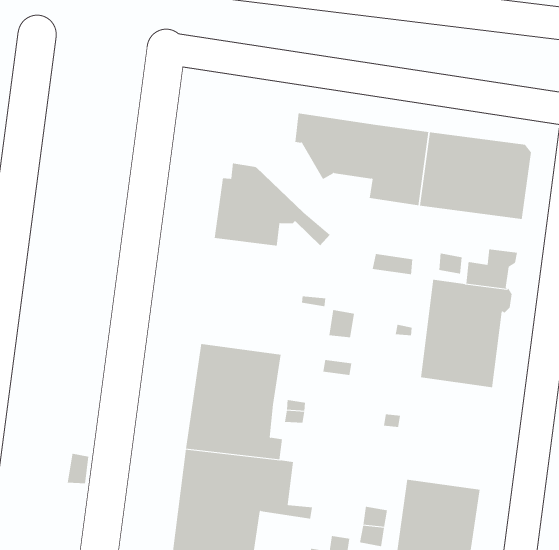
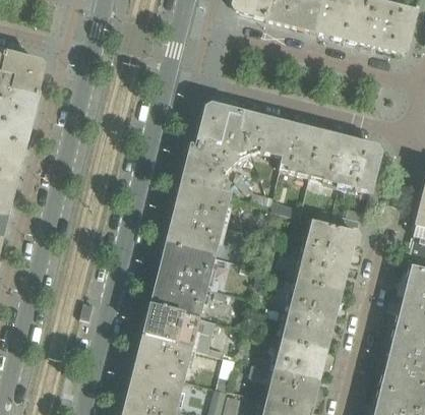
building: none -> [199,106,252,172]
building: none -> [168,181,231,255]
building: none -> [282,279,340,350]

